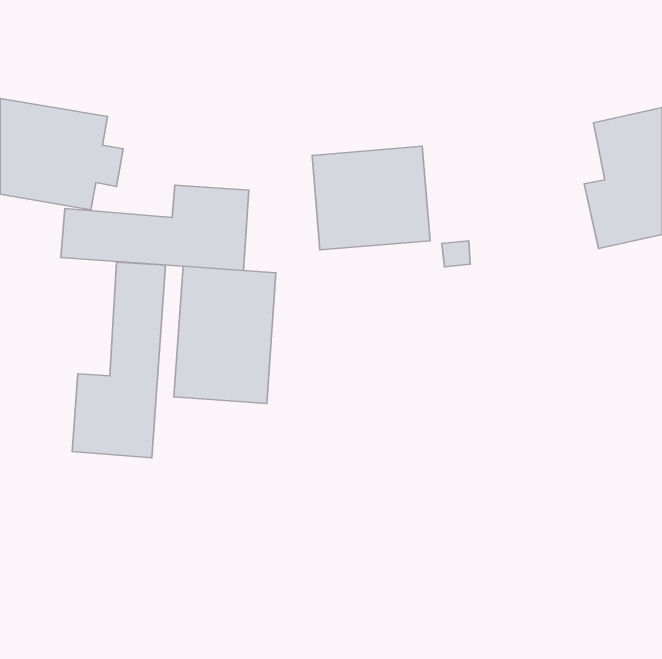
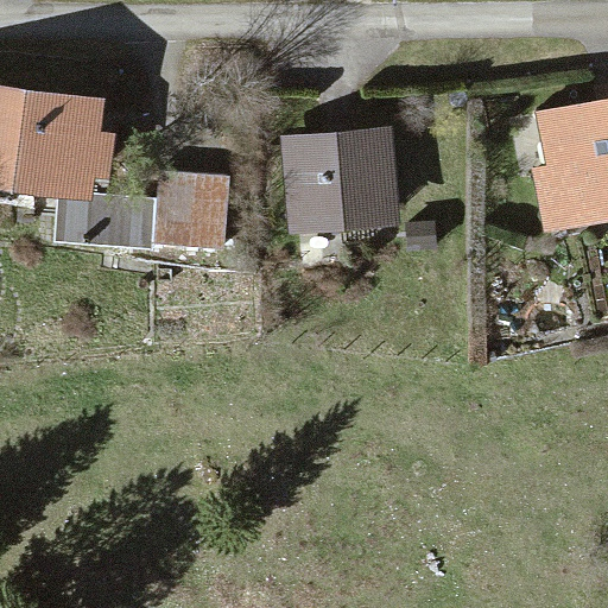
building: [72,262,166,458] -> none
building: [174,266,276,403] -> none

